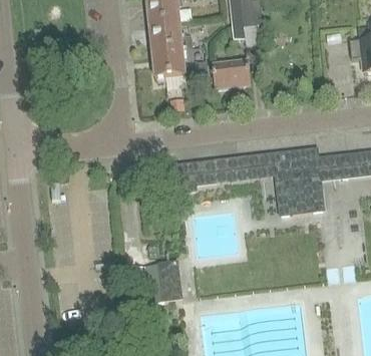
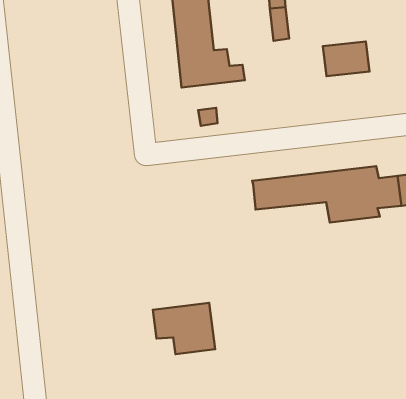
building: [213,59,252,88] -> [323,42,369,76]
building: [175,157,218,193] -> none
building: [280,188,324,213] -> none

